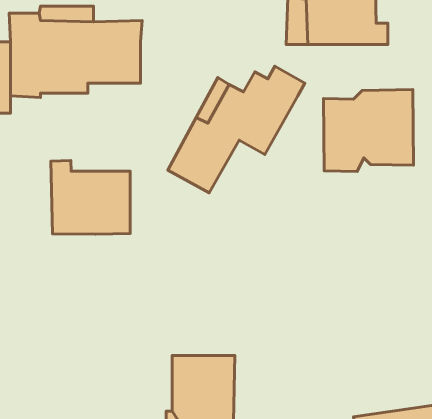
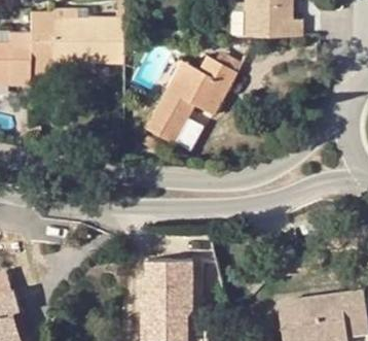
building: [324,89,413,171] -> none
building: [51,161,130,234] -> none

